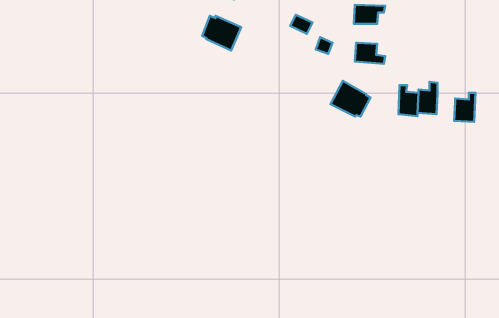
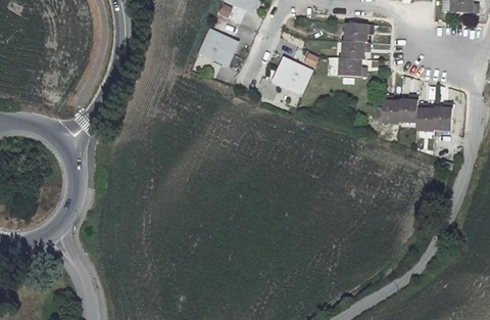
building: none -> [344,40,372,58]
building: [330,81,371,116] -> [273,57,309,90]
building: none -> [414,104,433,132]

